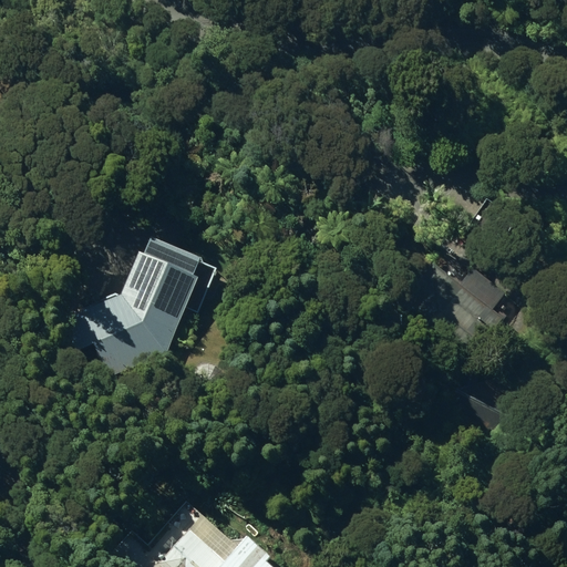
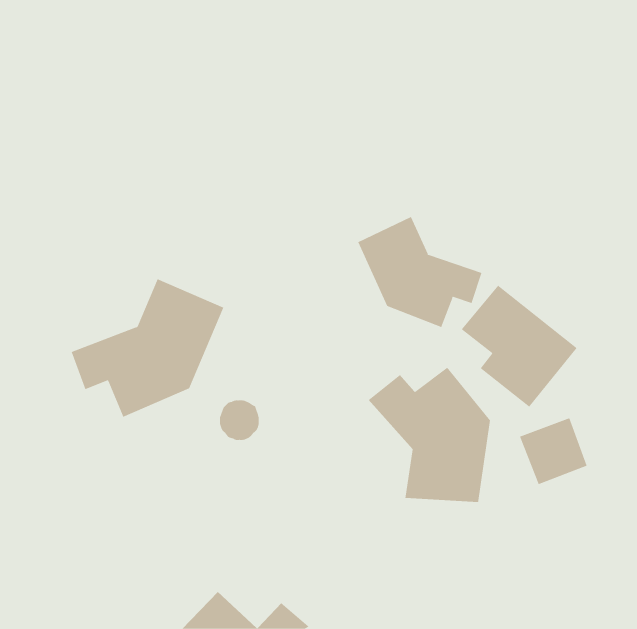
building: none -> [357,216,482,328]
building: none -> [368,367,491,503]

